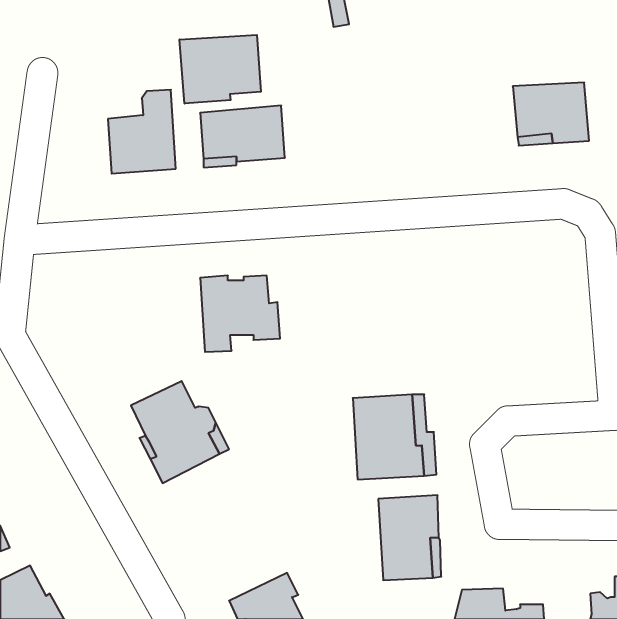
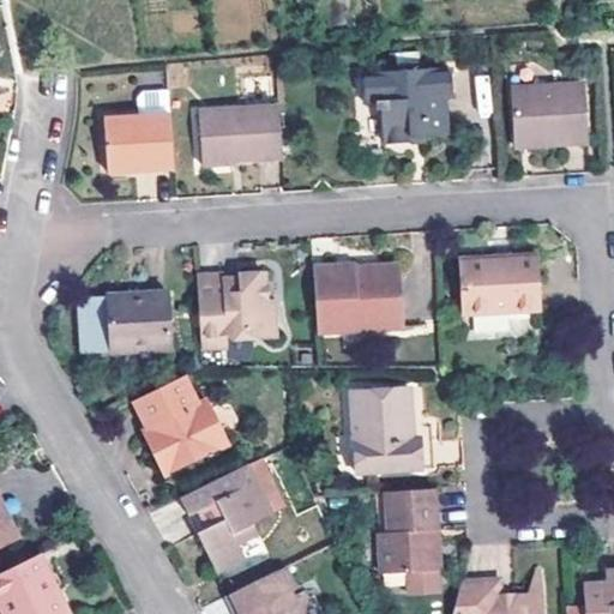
building: [180,35,261,104] -> none
building: none -> [365,67,452,144]
building: none -> [460,254,541,315]
building: none -> [313,261,401,332]
building: none -> [85,290,171,351]
building: none -> [176,470,275,573]

